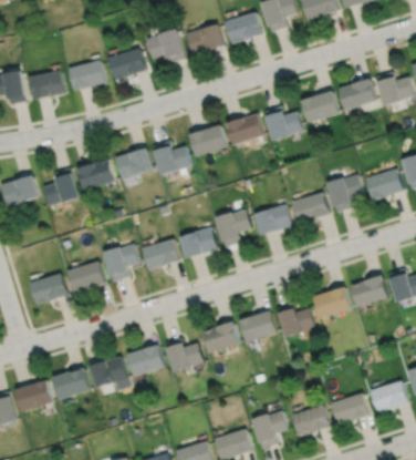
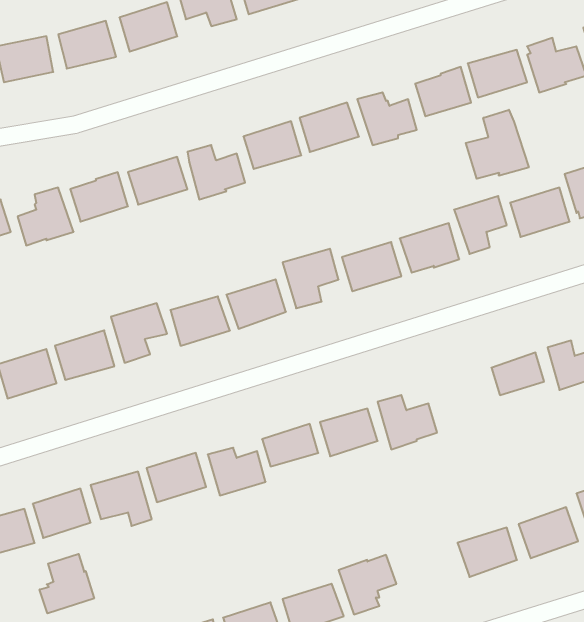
building: none -> [466,110,529,179]
building: [313,289,350,320] -> none
building: [290,403,329,436] -> none
building: none -> [40,554,94,613]

